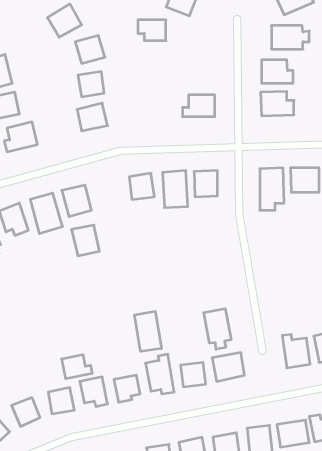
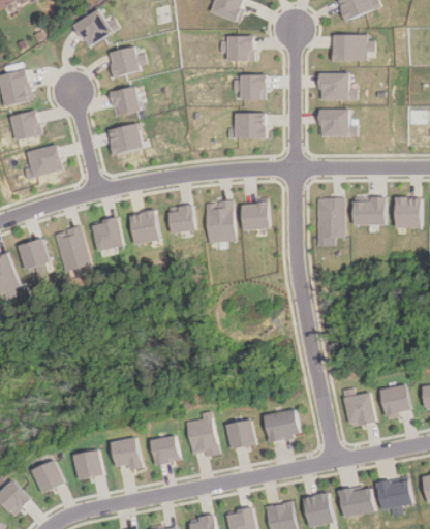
building: [138,20,166,41] -> [220,37,252,61]
building: none -> [234,74,267,100]
building: [71,225,99,256] -> [128,210,160,245]
building: [204,309,231,349] -> none
building: [135,311,161,351] -> none
building: [62,355,92,379] -> none

